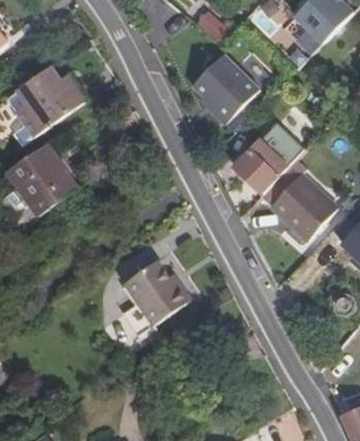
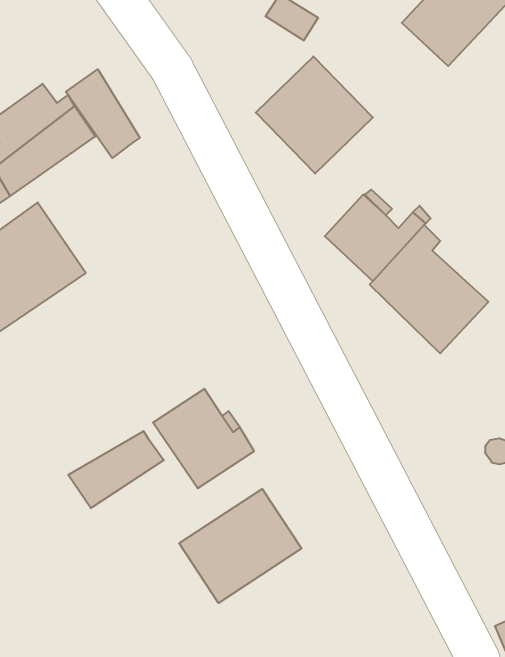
building: none -> [66,69,140,158]
building: none -> [68,431,164,508]
building: none -> [179,489,301,603]

